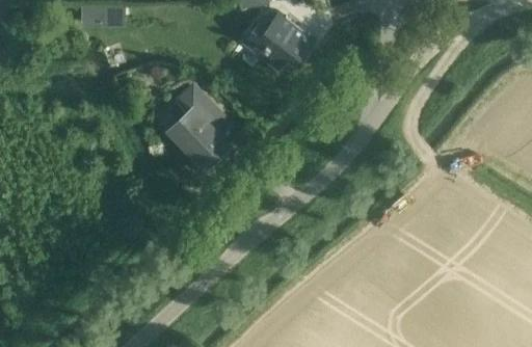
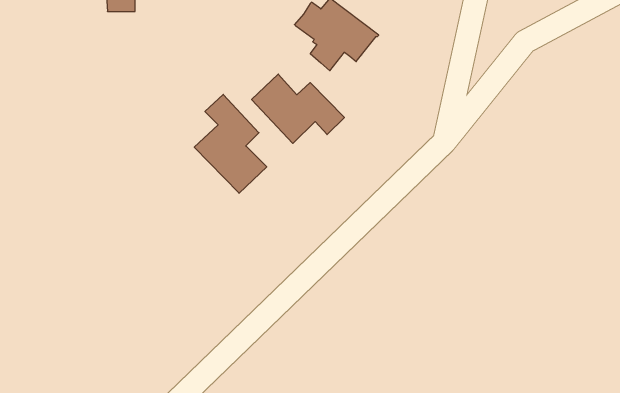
building: none -> [252,74,344,143]

